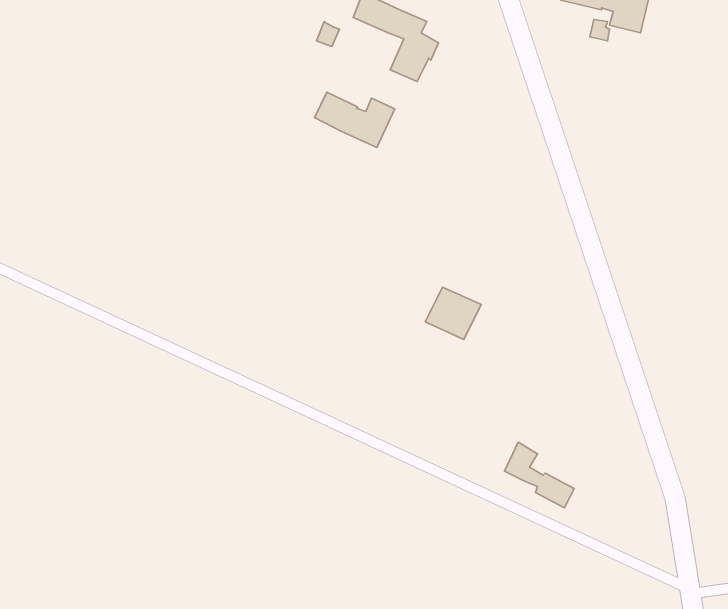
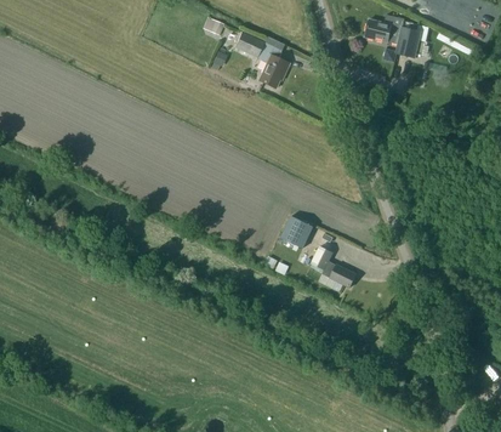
building: [314,92,395,148] -> none
building: [504,442,574,508] -> [312,244,355,285]

